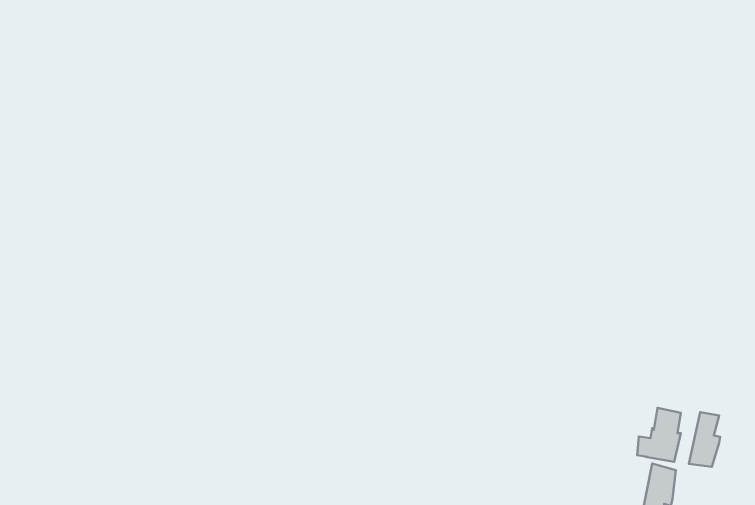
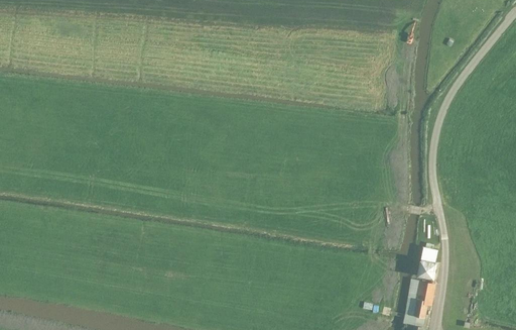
building: [689,412,720,467] -> none

